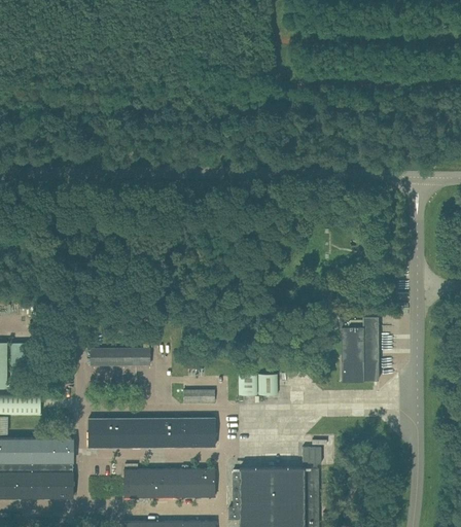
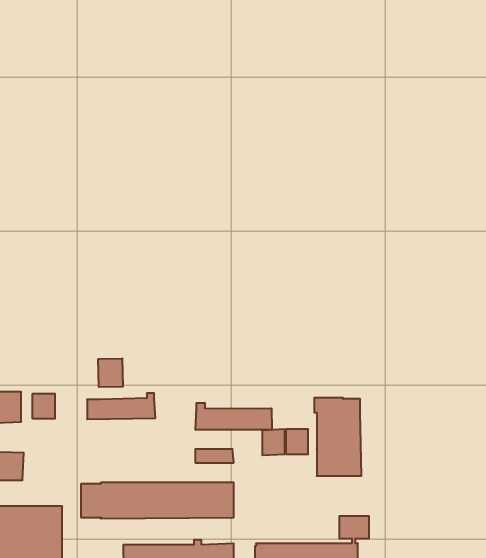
building: none -> [98,358,123,387]
building: [340,316,379,381] -> [314,398,361,476]
building: none -> [33,394,55,419]
building: none -> [196,403,272,430]

